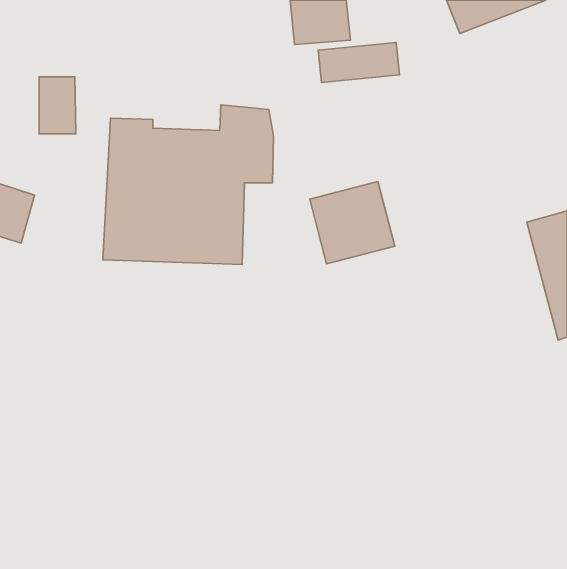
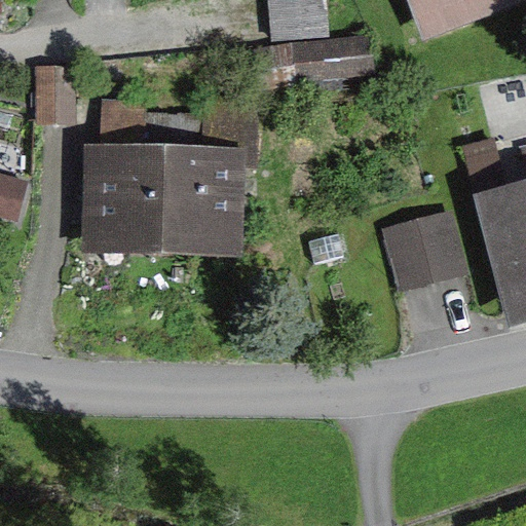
building: [310,181,395,264] -> [383,216,461,292]

